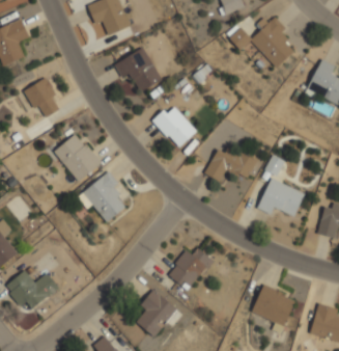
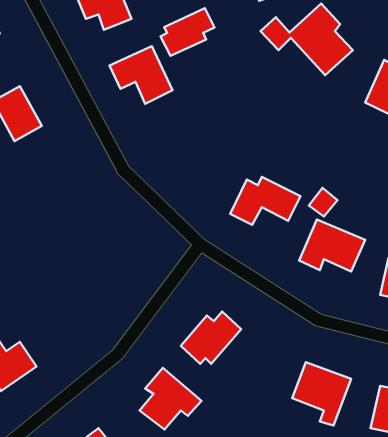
building: none -> [161,8,215,56]
building: [151,102,197,148] -> none
building: [53,131,102,182] -> none
building: [76,169,128,221] -> none

